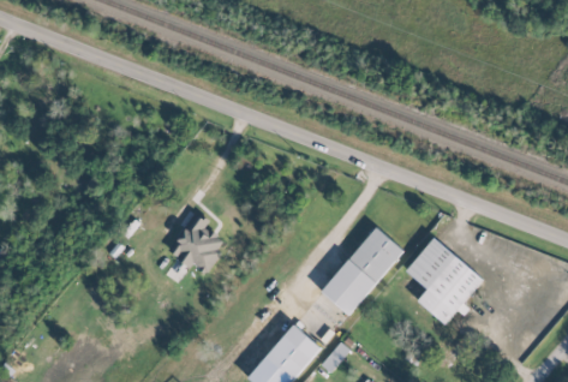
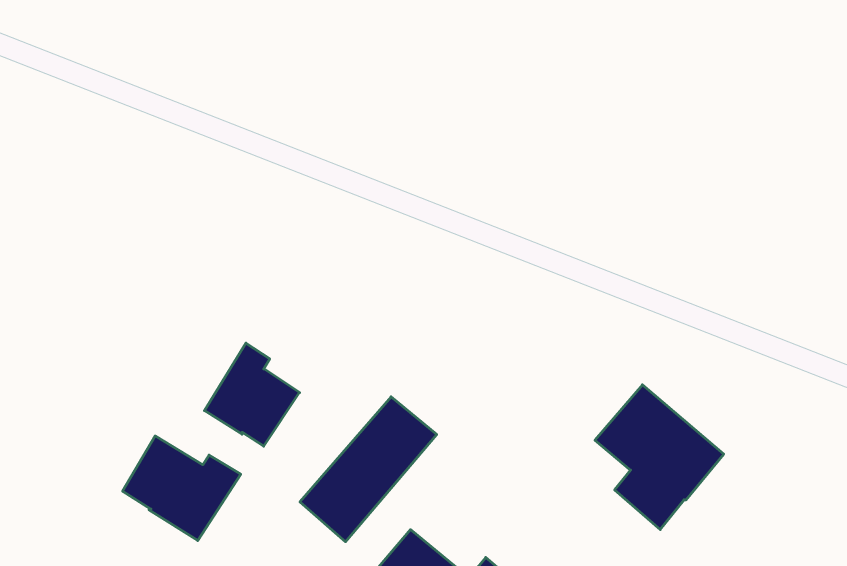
building: [321,228,403,316] -> [300,397,437,542]
building: none -> [123,436,241,541]

